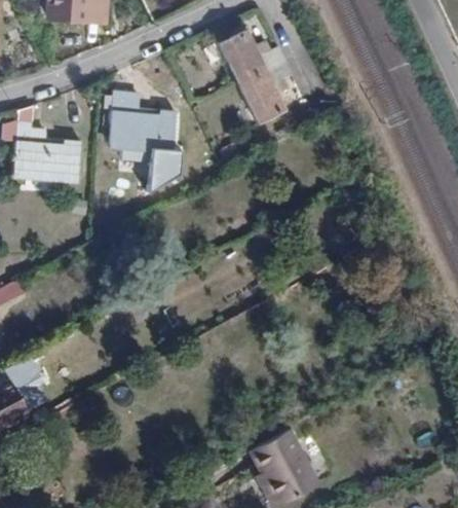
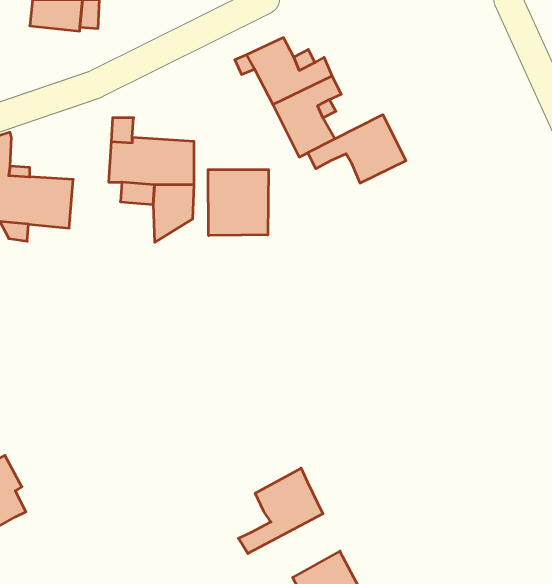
building: none -> [308,115,406,183]
building: none -> [208,170,269,236]
building: none -> [238,468,323,554]

